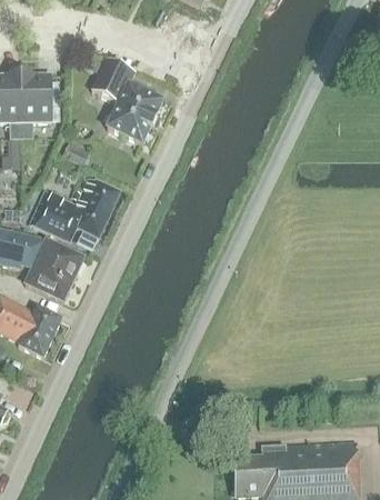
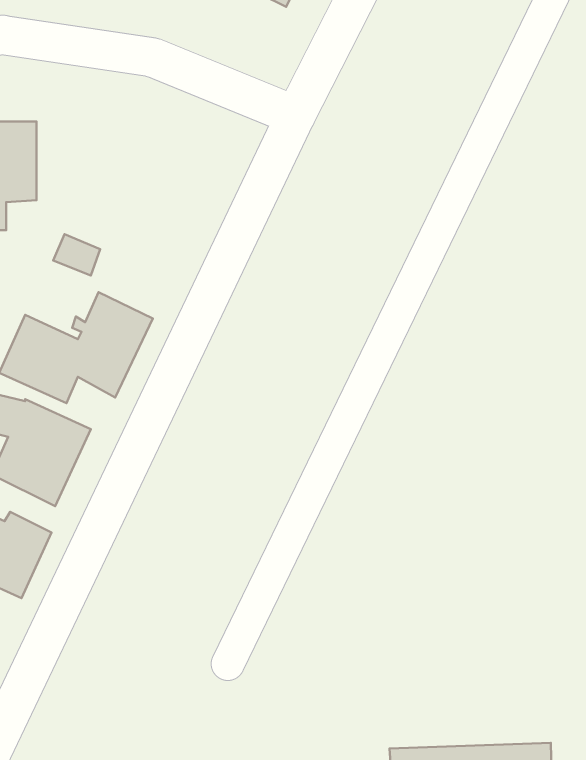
building: [91,58,162,143] -> none

